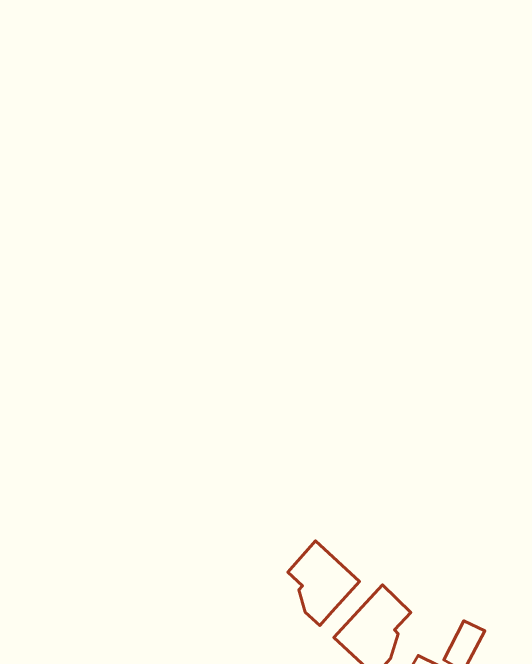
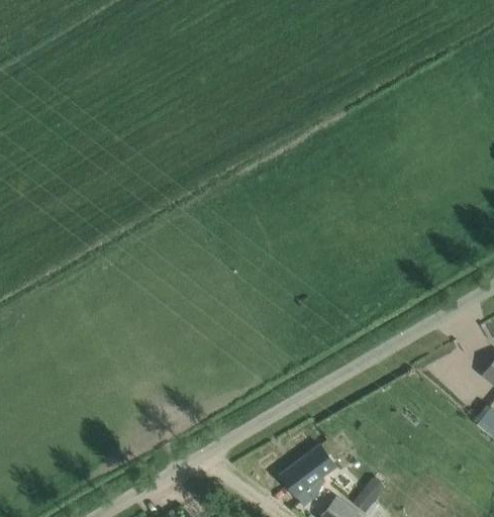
building: [288,541,360,626] -> none

